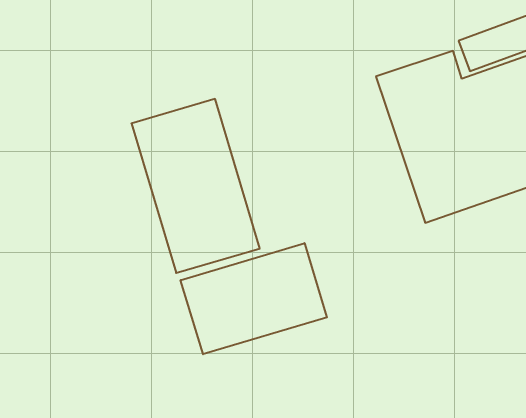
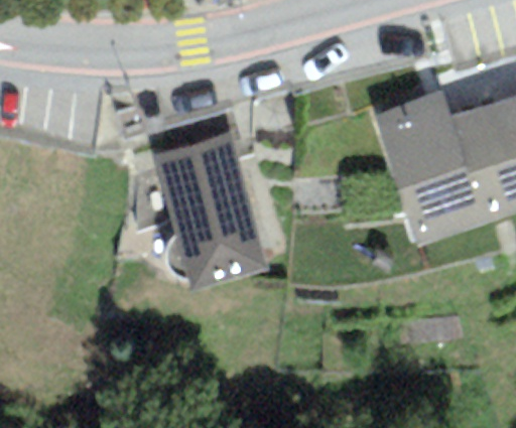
building: [181,243,327,354] -> none

